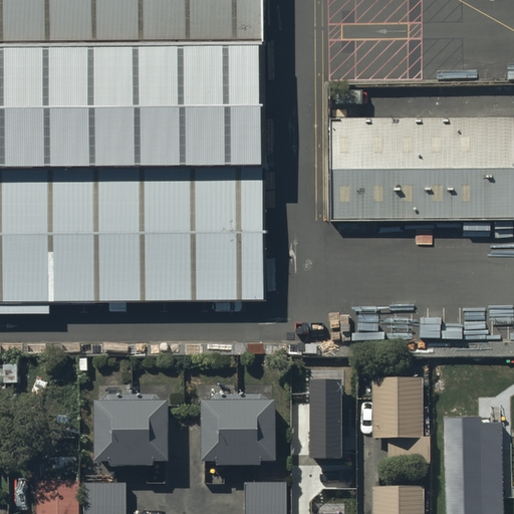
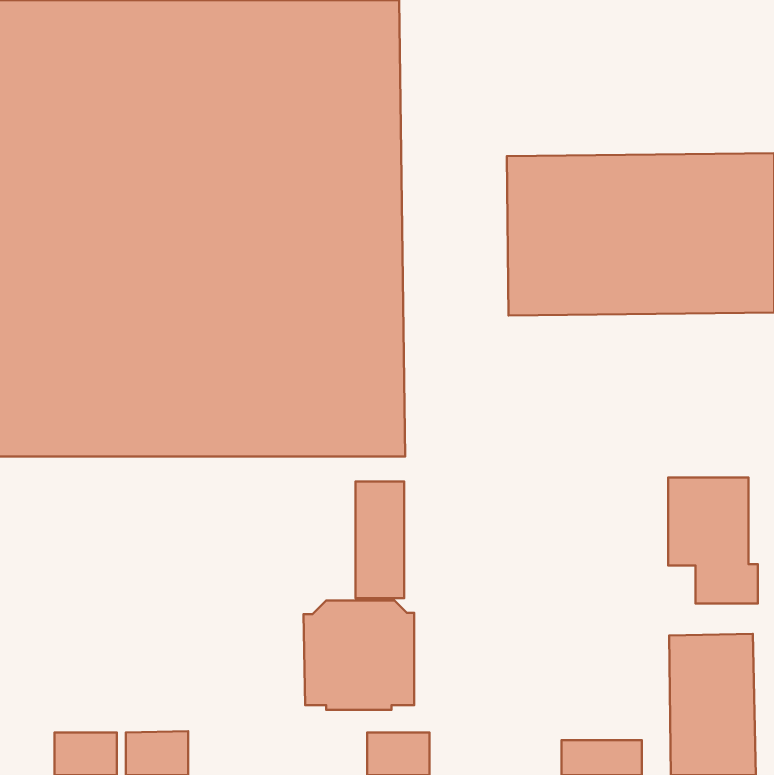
building: [308,379,340,457] -> [356,481,404,598]
building: [370,380,430,464] -> [668,478,758,603]
building: [93,398,167,471] -> none

